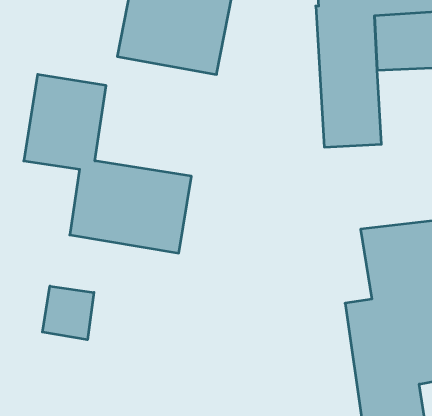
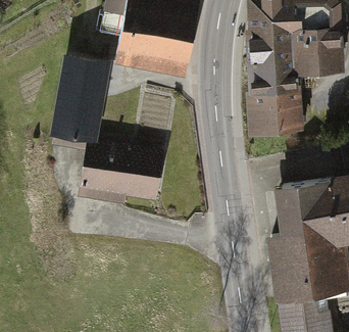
building: [42,286,94,340] -> none

